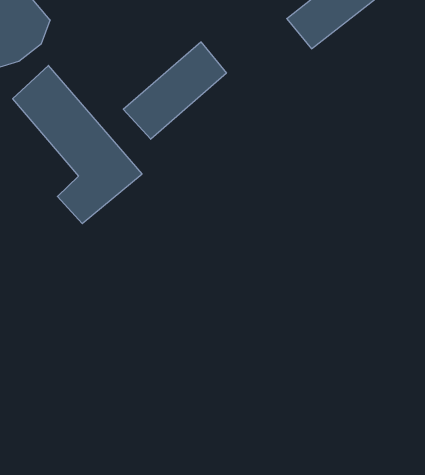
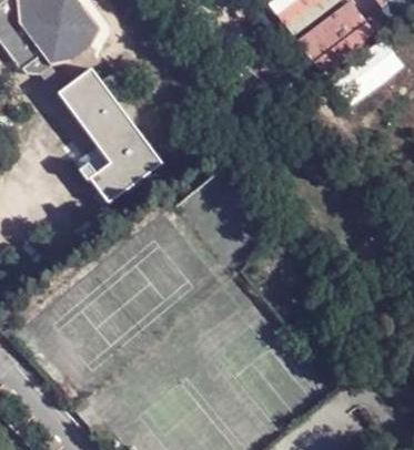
building: [123,42,226,139] -> none

